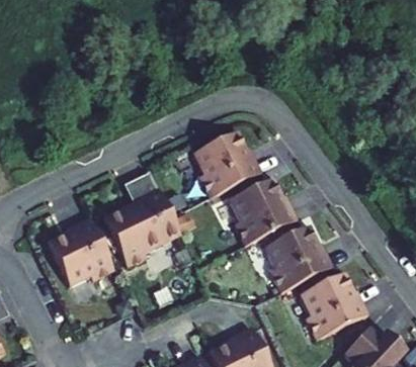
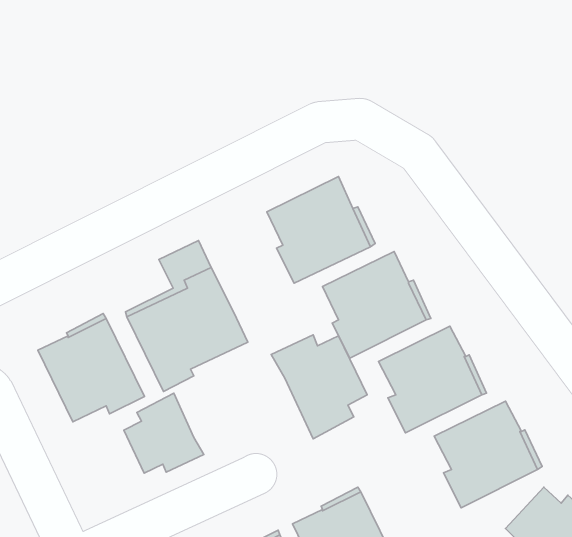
building: none -> [271,335,367,439]
building: none -> [124,393,204,473]

